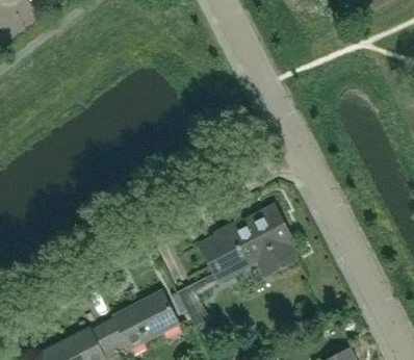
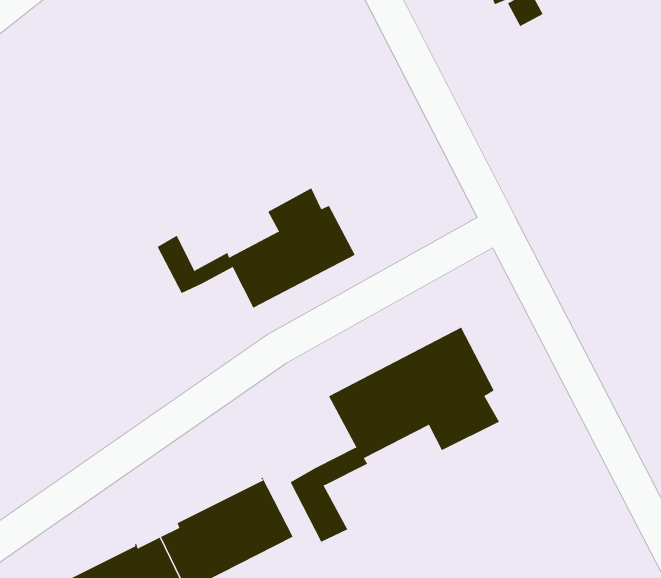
building: none -> [157,187,355,309]

